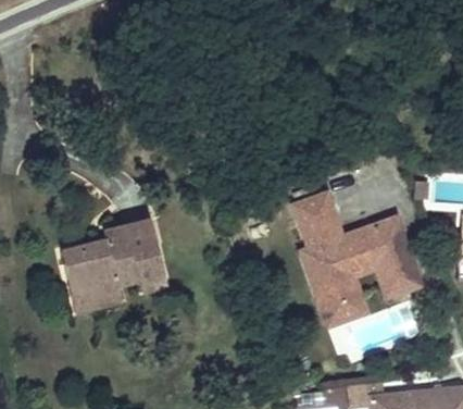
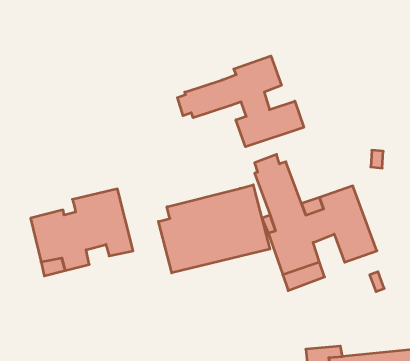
building: none -> [177,56,304,147]
building: none -> [158,185,270,273]

